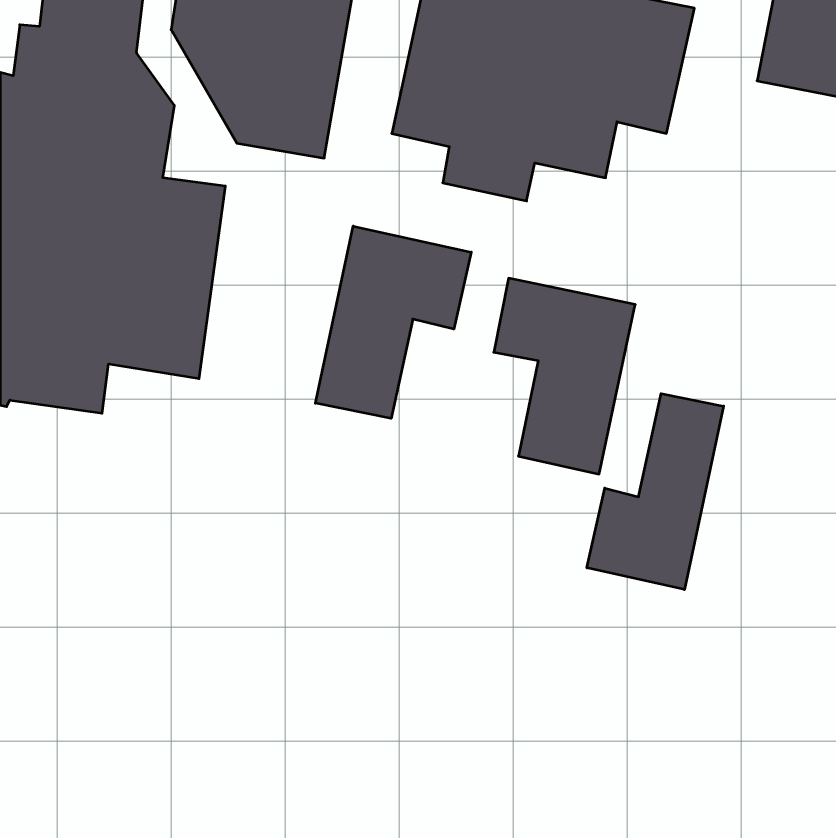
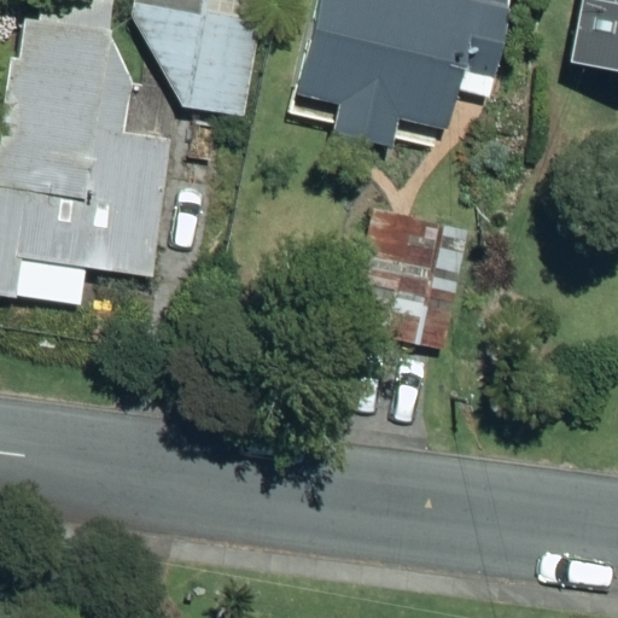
building: [315,226,471,418] -> none
building: [587,394,724,590] -> none

